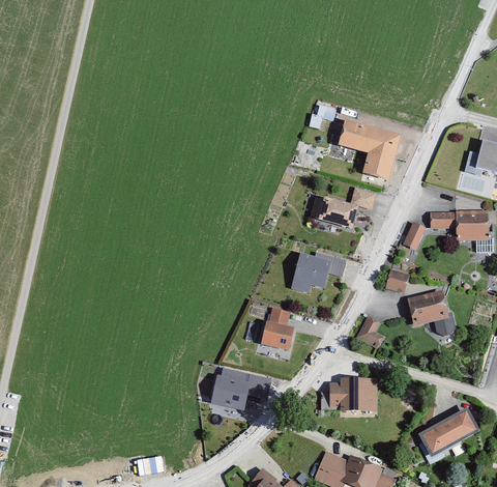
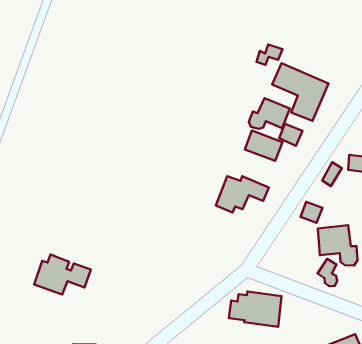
building: none -> [249,98,290,129]
building: [259,307,292,350] -> none
building: [361,315,384,345] -> [318,259,337,286]
building: [210,367,270,409] -> [34,255,91,295]

